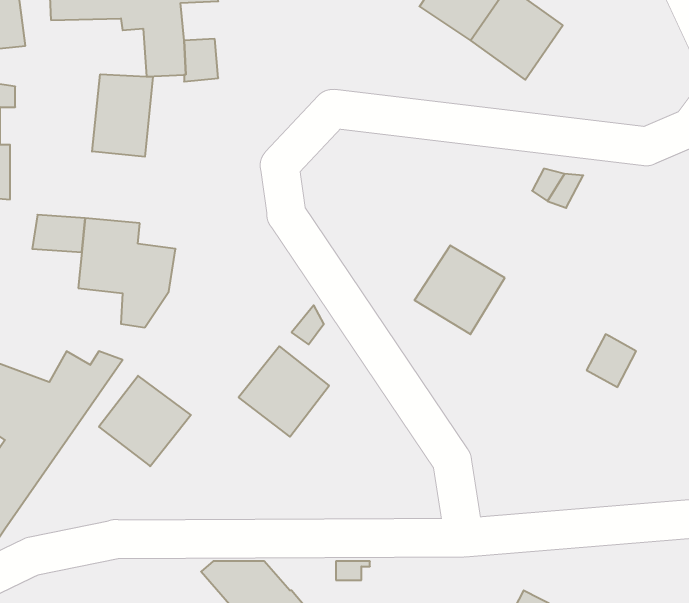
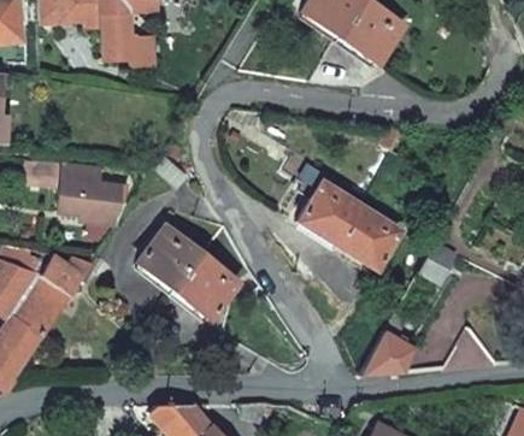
building: [92,74,153,157] -> none
building: none -> [337,204,400,267]
building: [99,376,191,466] -> [137,224,202,288]
building: none -> [360,306,418,373]

